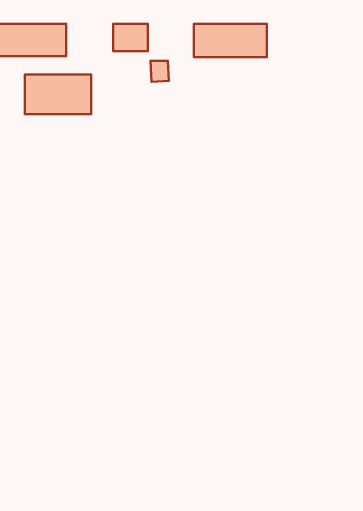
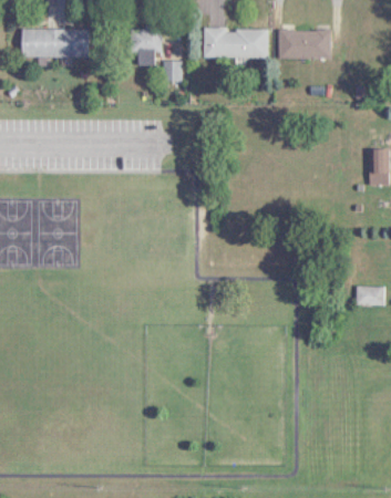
building: none -> [280,30,332,59]
building: [25,75,91,114] -> none

